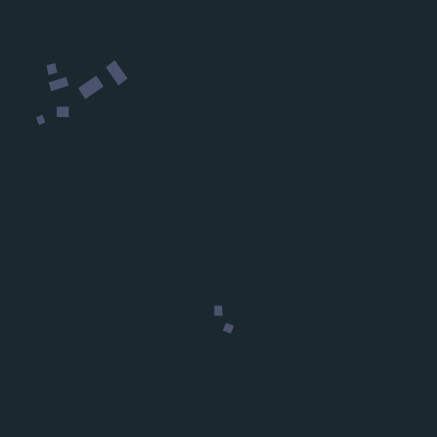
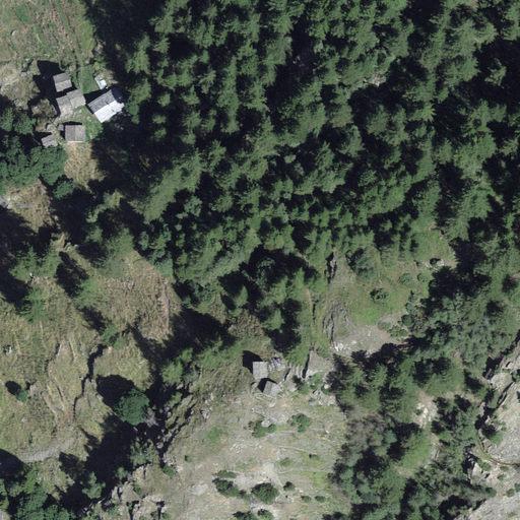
building: [105,59,129,87] -> none

